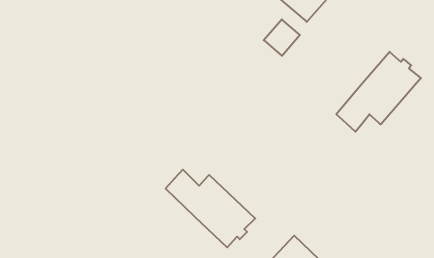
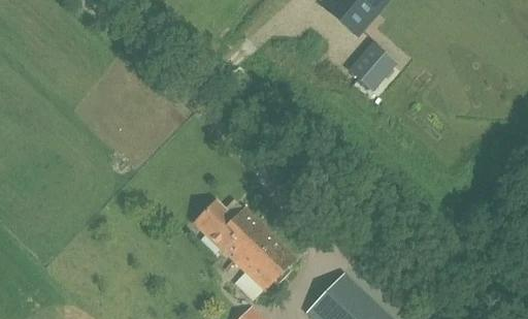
building: [264,19,300,56] -> [352,45,393,87]
building: [336,52,421,132] -> none

